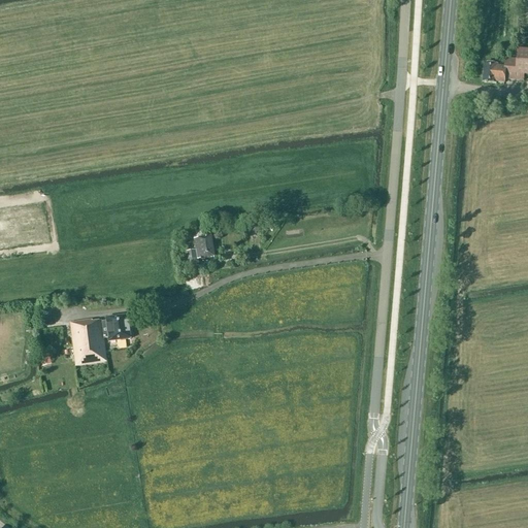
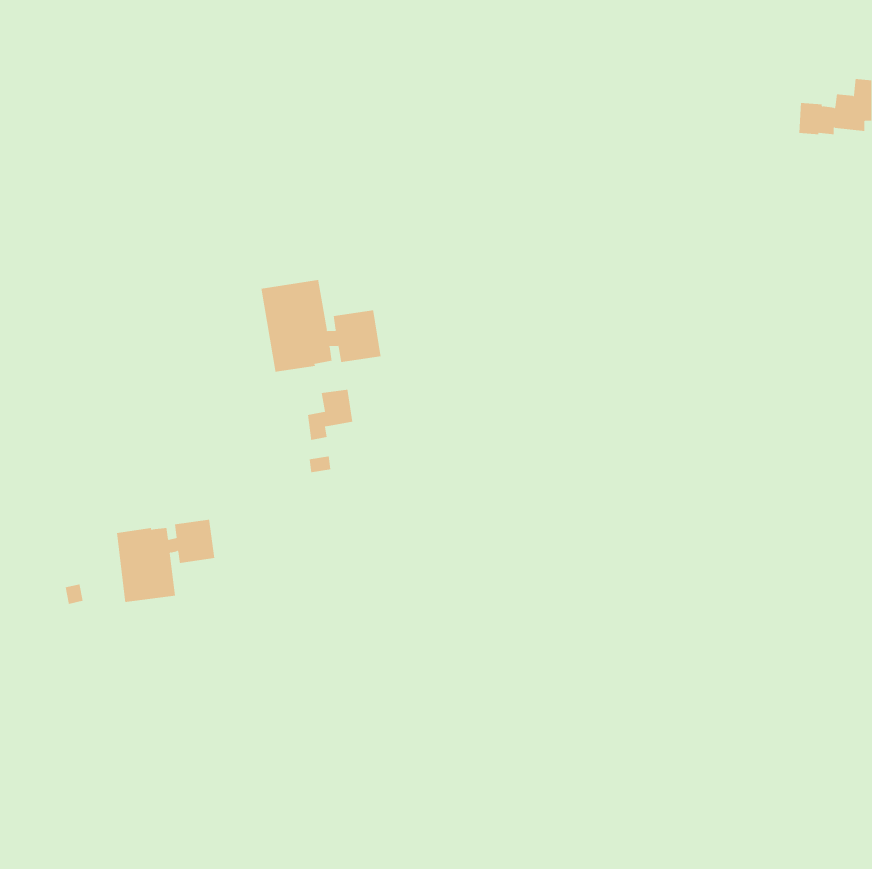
building: none -> [261,279,381,372]

